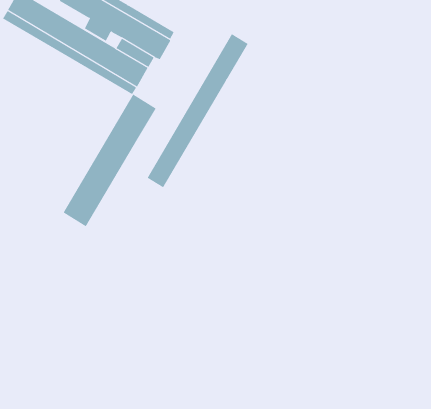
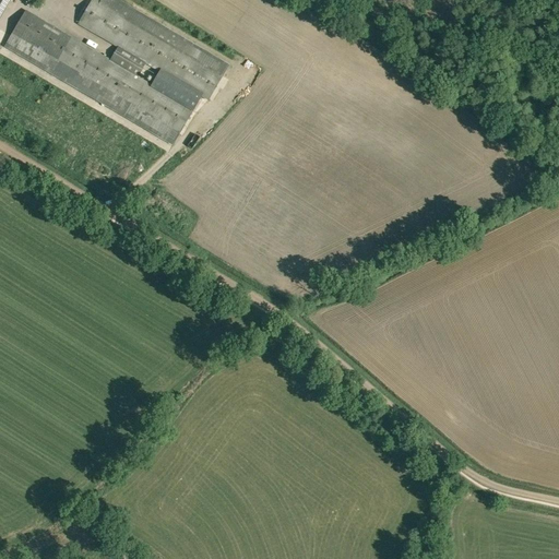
building: [147,33,248,188] -> none
building: [63,94,156,227] -> none

